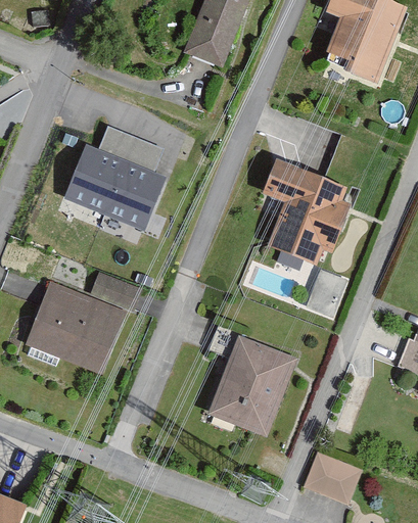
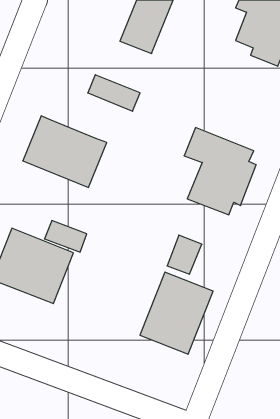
building: [98,126,162,171] -> [88,75,140,111]
building: [306,269,349,317] -> [167,235,202,274]
building: [303,453,362,505] -> none

